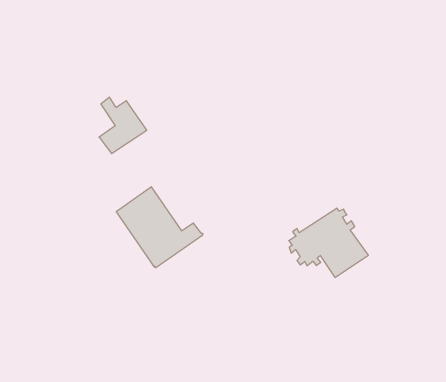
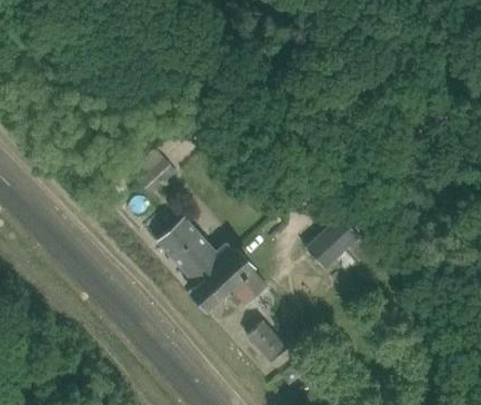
building: none -> [191,249,265,309]
building: none -> [248,319,287,360]

